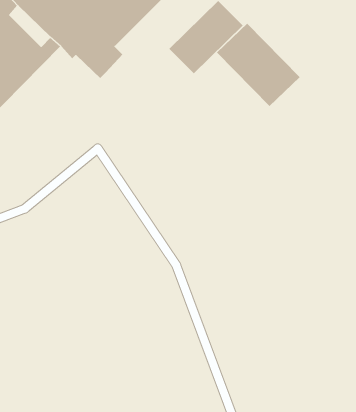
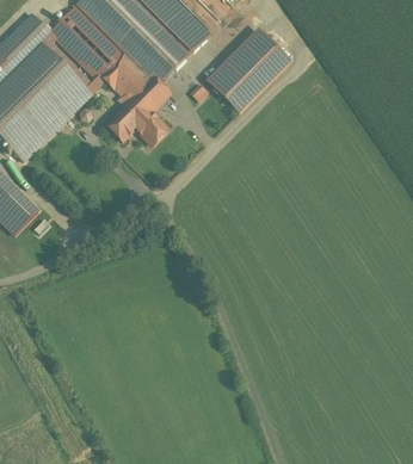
building: [216,23,300,107] -> none
building: none -> [105,92,167,143]

